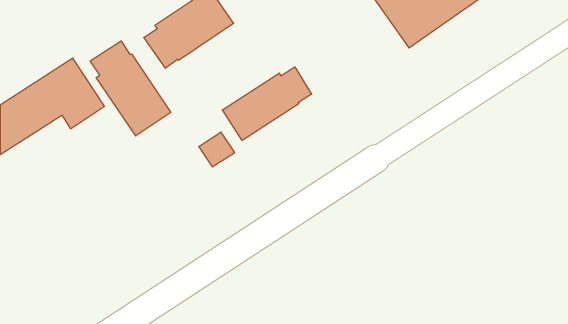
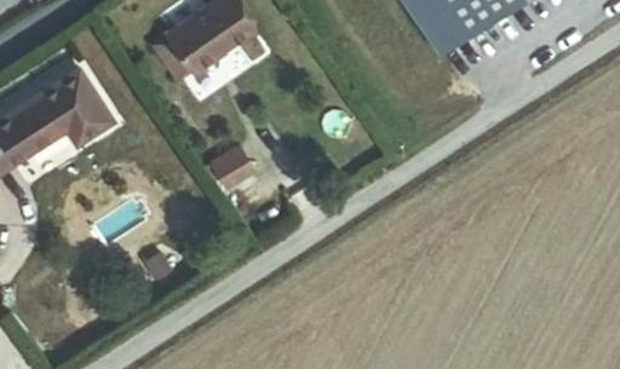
building: [90,41,171,136] -> none
building: [222,67,312,140] -> none

